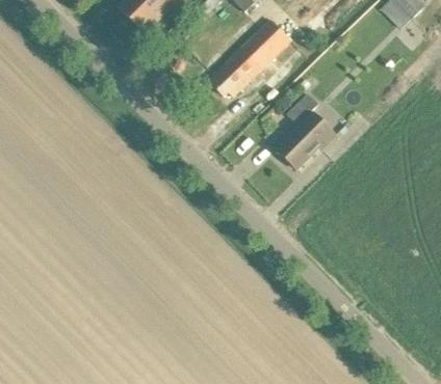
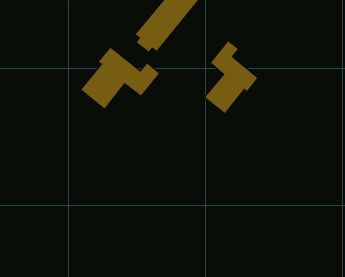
building: none -> [81,47,160,110]

